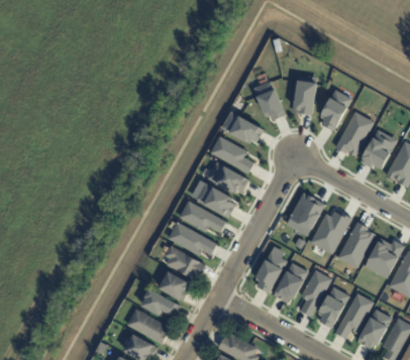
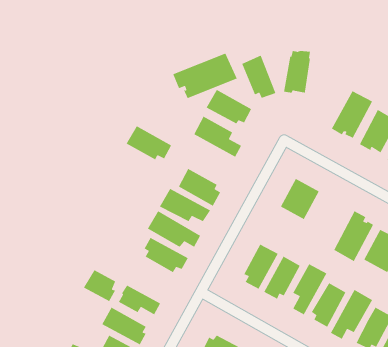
building: none -> [172,53,238,99]
building: [320,90,351,131] -> none
building: [207,161,249,194] -> [126,125,172,161]
building: [310,211,351,254] -> none
building: [159,271,189,302] -> [83,269,116,302]

